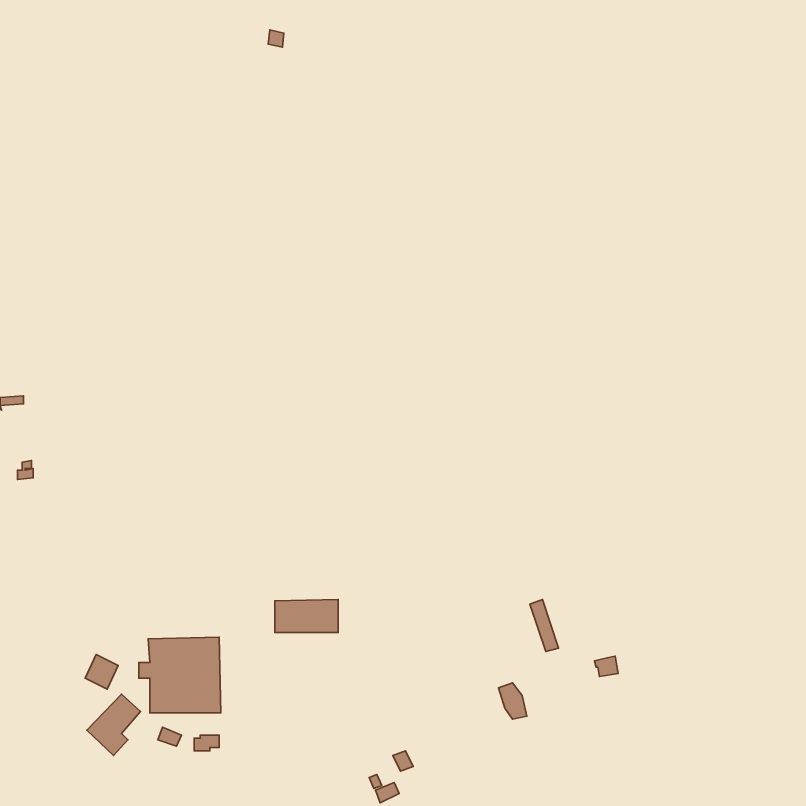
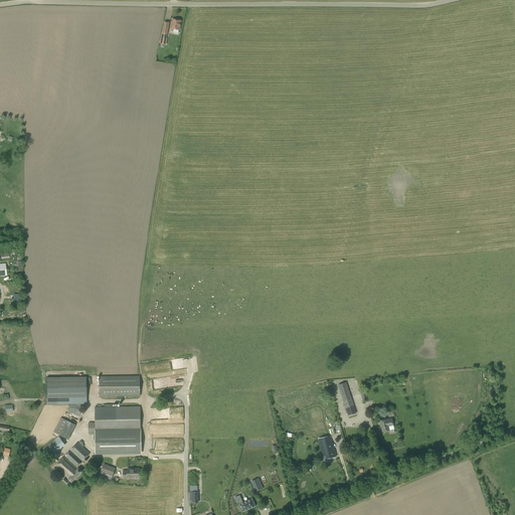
building: none -> [46,377,87,398]
building: [275,599,338,632] -> [100,375,140,396]

